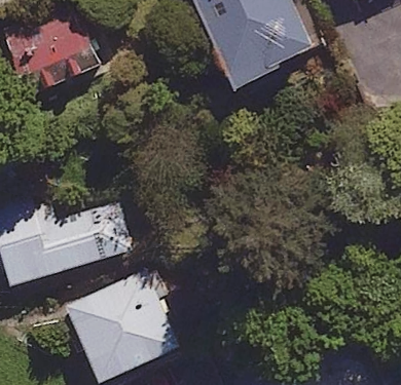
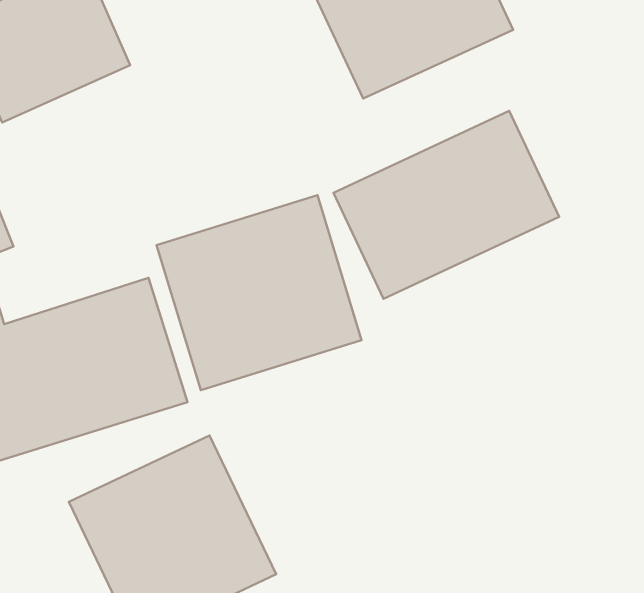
building: none -> [333,111,559,299]
building: none -> [157,195,362,390]

